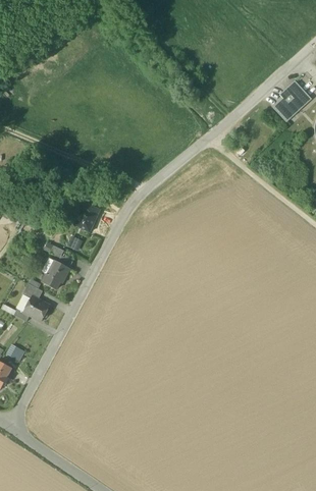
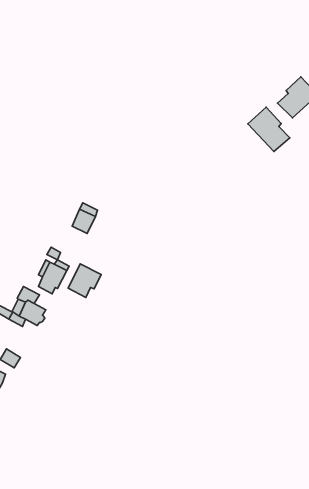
building: none -> [248,107,290,151]
building: none -> [68,264,101,298]

